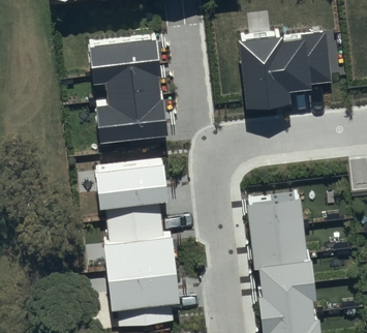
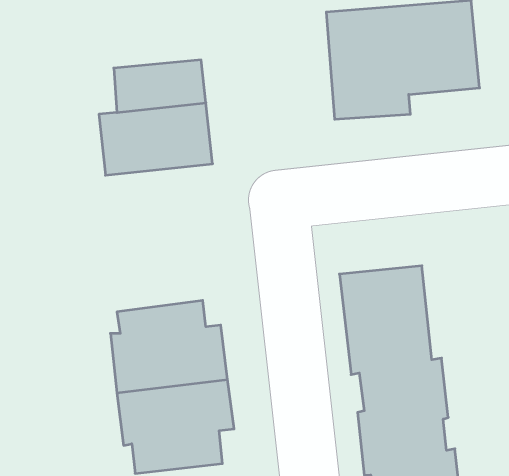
building: [90,37,160,77] -> none
building: [95,163,166,228] -> none

